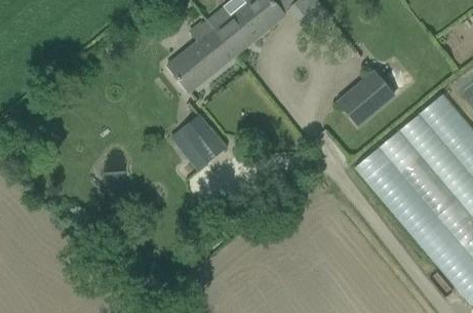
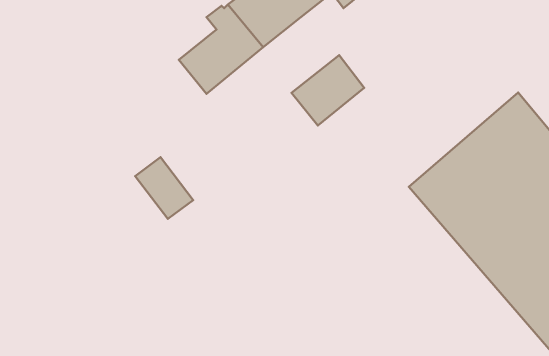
building: [337,70,396,127] -> [291,55,364,126]
building: [180,114,227,164] -> [135,157,193,219]

